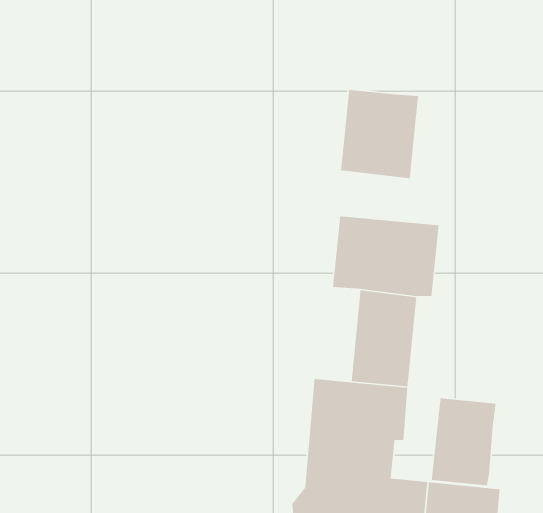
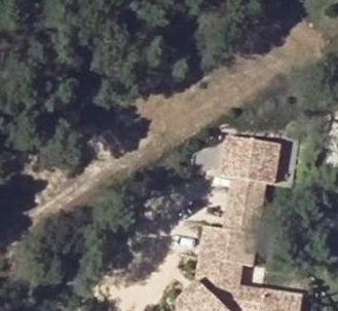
building: [340,89,419,179] -> none
building: [431,398,496,486] -> none

